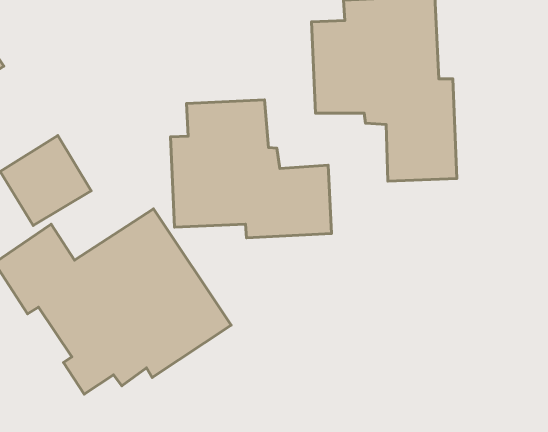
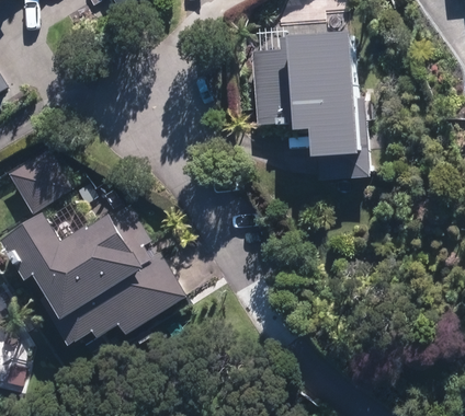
building: [170,100,332,238] -> none

